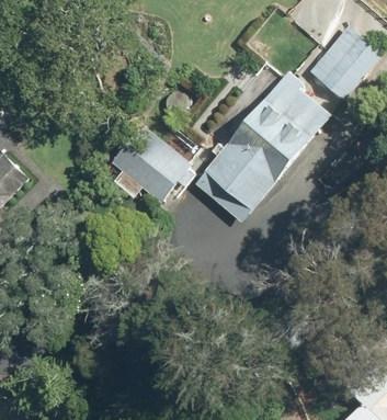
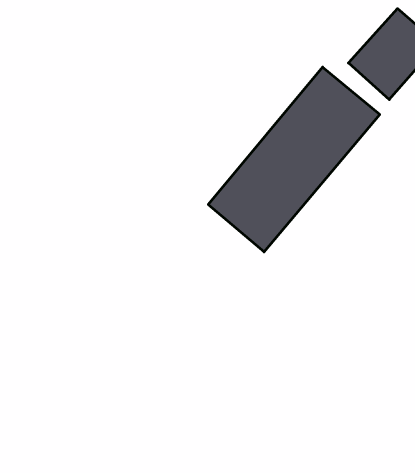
building: [110,130,190,202] -> none

